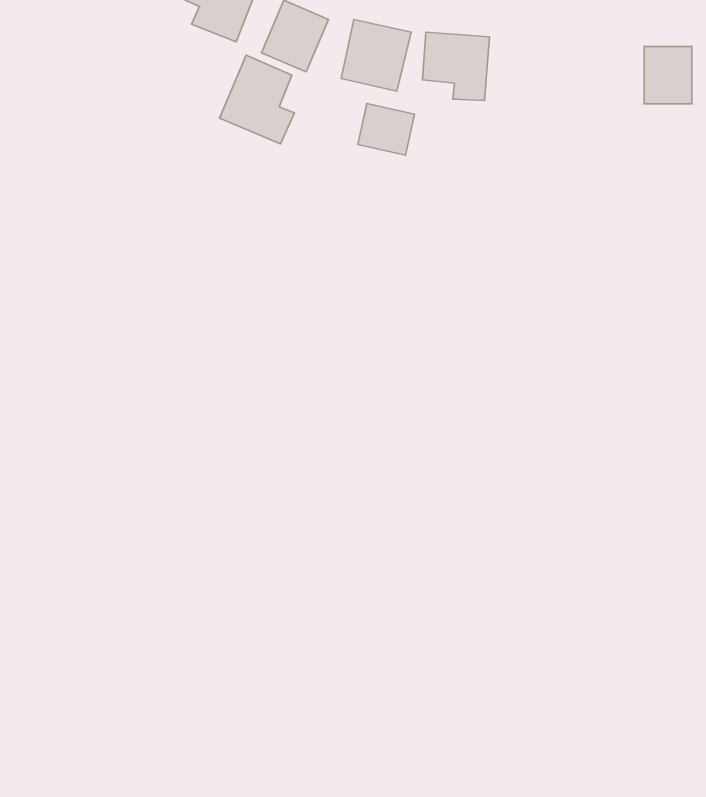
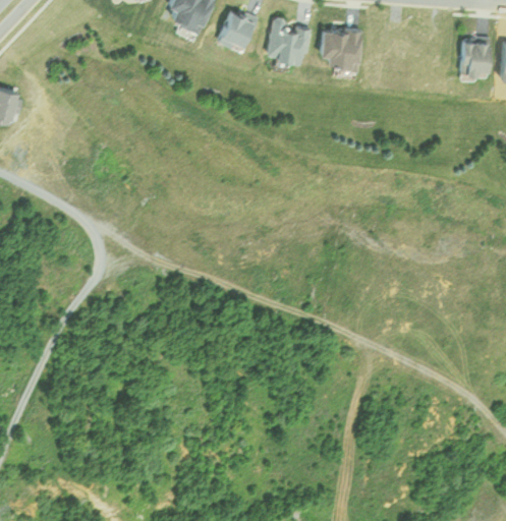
building: [220,55,294,144] -> none
building: [358,104,414,155] -> none

